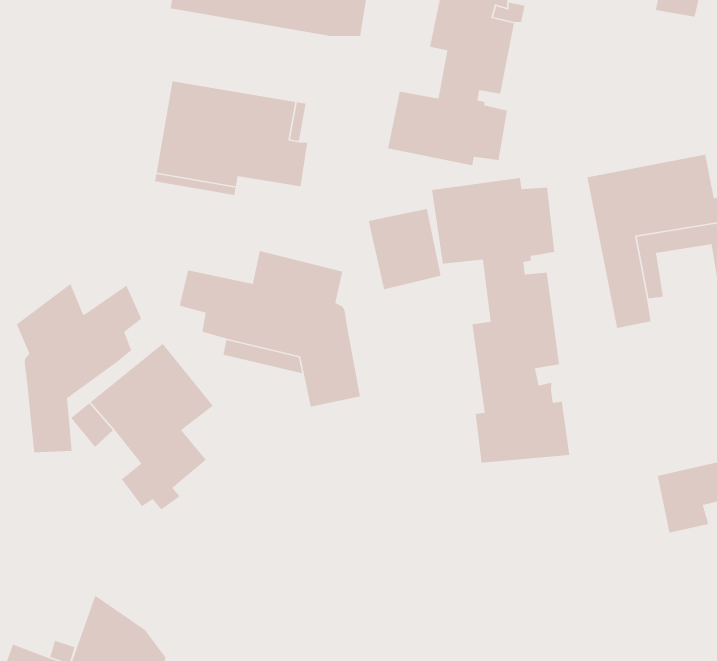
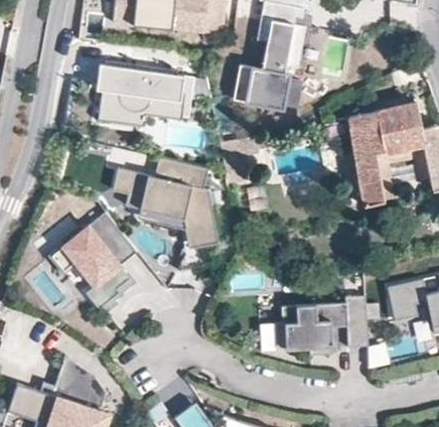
building: [431,177,570,463] -> none
building: [16,283,142,453] -> none
building: none -> [274,297,368,361]

